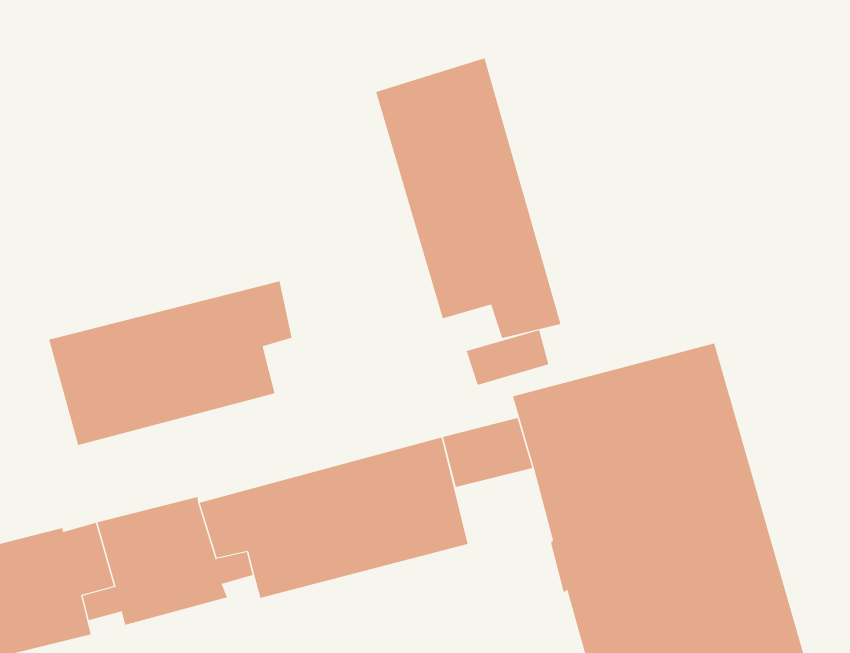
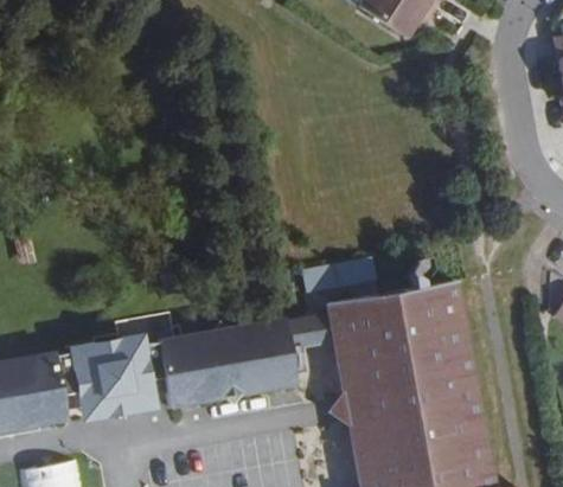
building: [375,57,561,339] -> none
building: [49,280,292,446] -> none

